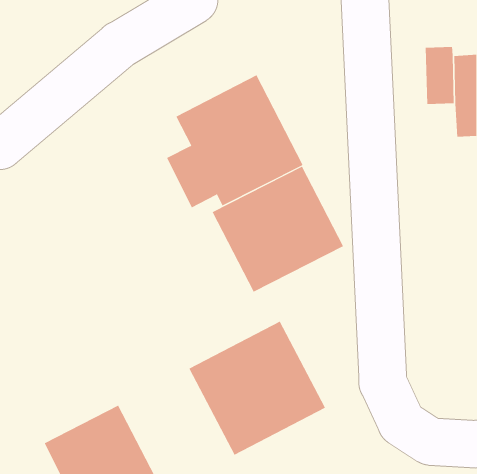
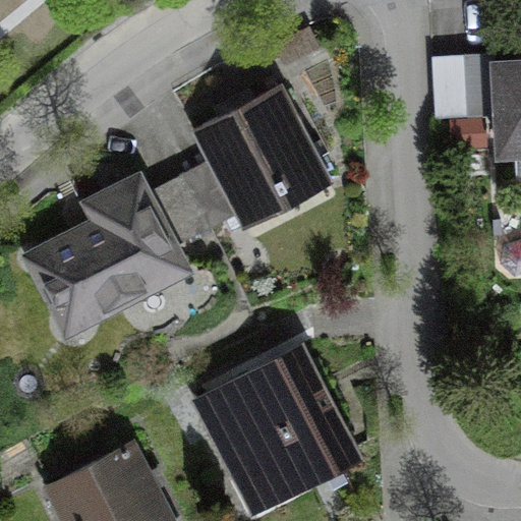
building: none -> [33,175,209,327]
building: [212,166,344,293] -> none

